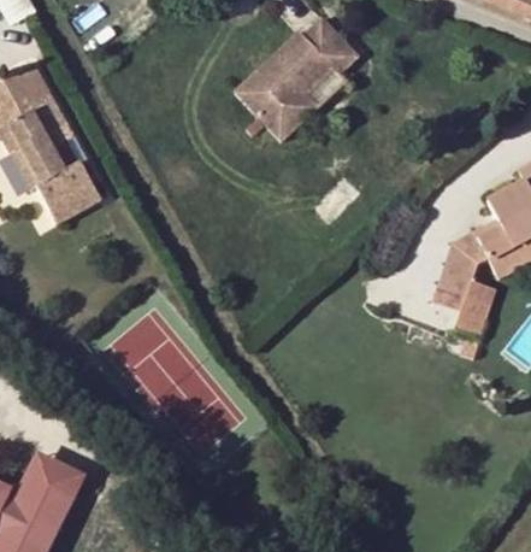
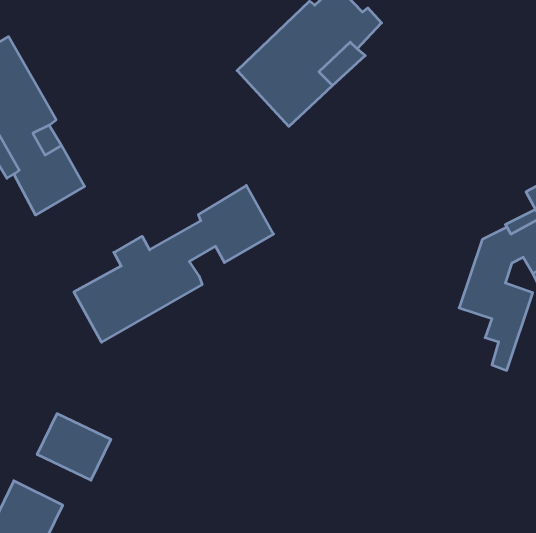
building: none -> [74,185,274,342]
building: none -> [37,414,111,480]

